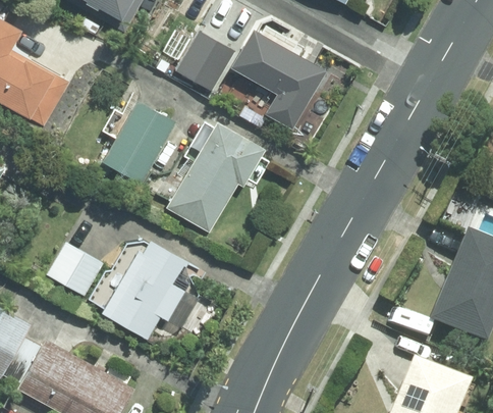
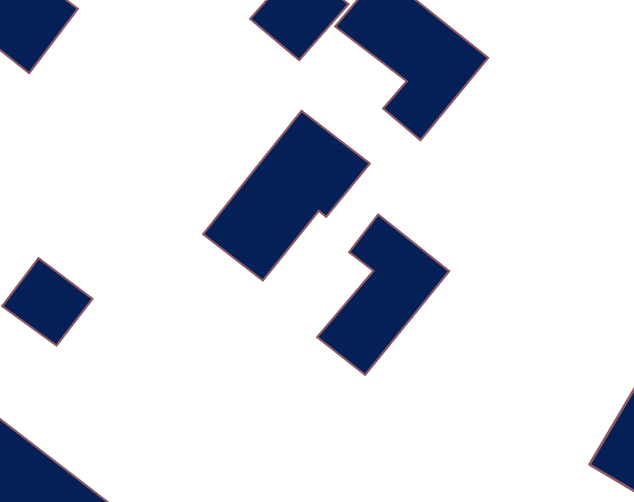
building: [103,98,176,182] -> none
building: none -> [317,215,449,375]
building: [102,240,189,338] -> none

